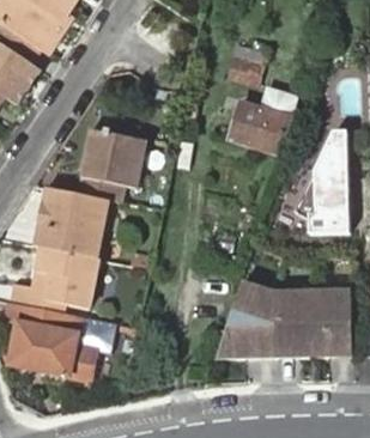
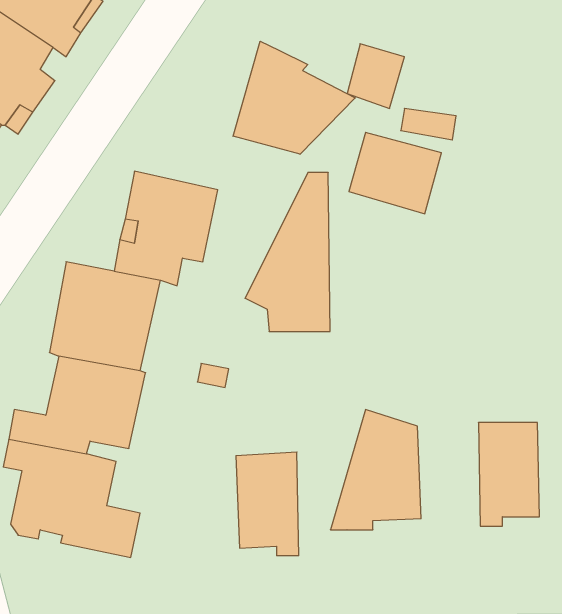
building: none -> [233,41,355,154]
building: [295,130,350,233] -> [245,173,330,331]
building: [274,290,315,357] -> [236,452,299,556]

